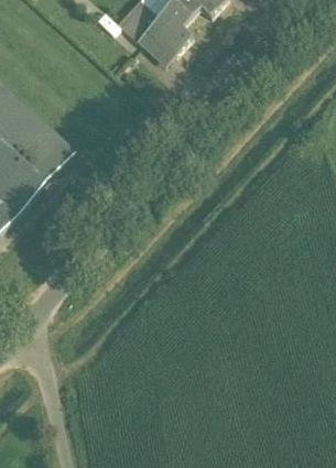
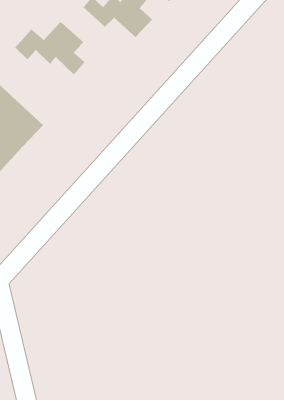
building: none -> [14,21,88,75]

